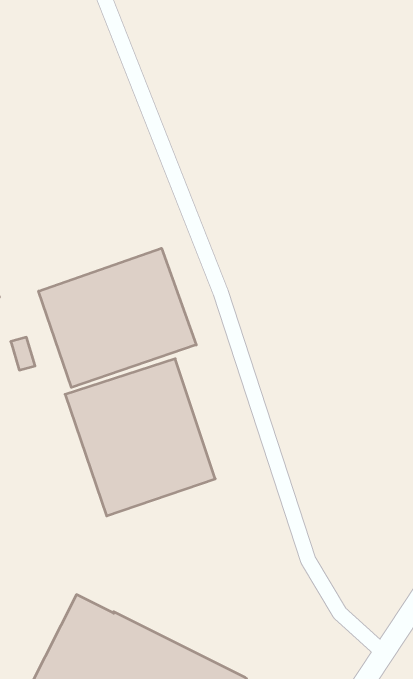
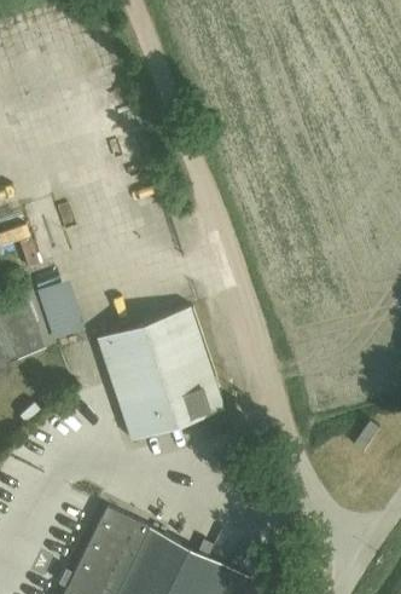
building: [39,248,196,387] -> none

